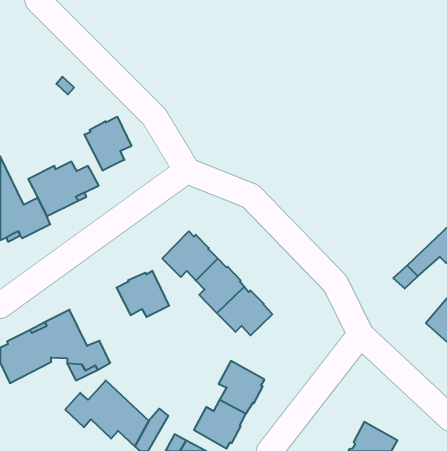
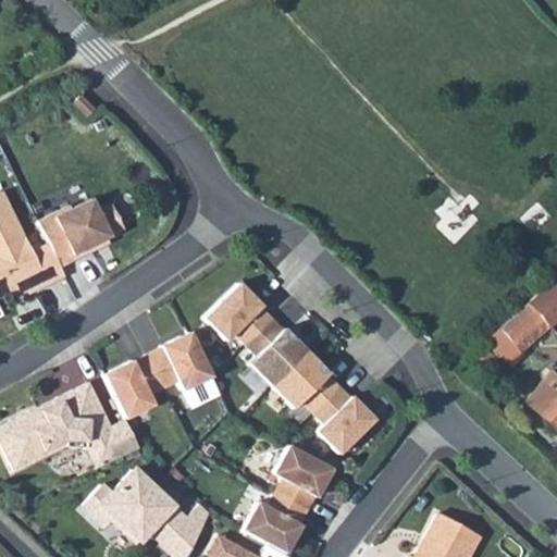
building: [84,117,131,171] -> none
building: none -> [106,355,165,419]
building: none -> [313,387,373,455]

